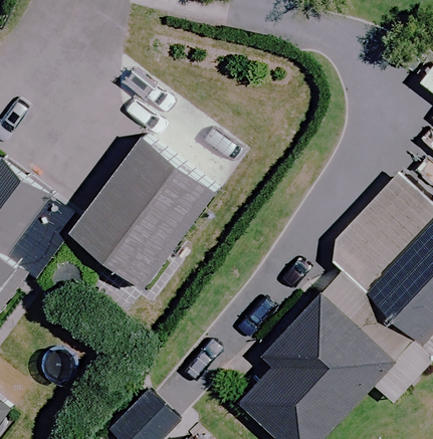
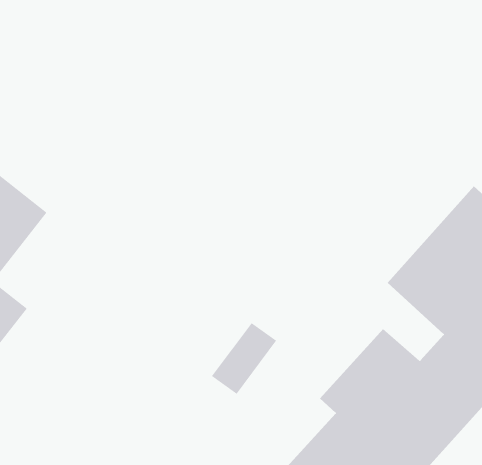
building: [72,137,218,287] -> none

